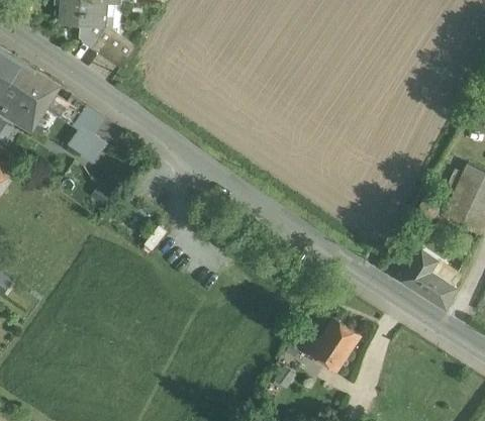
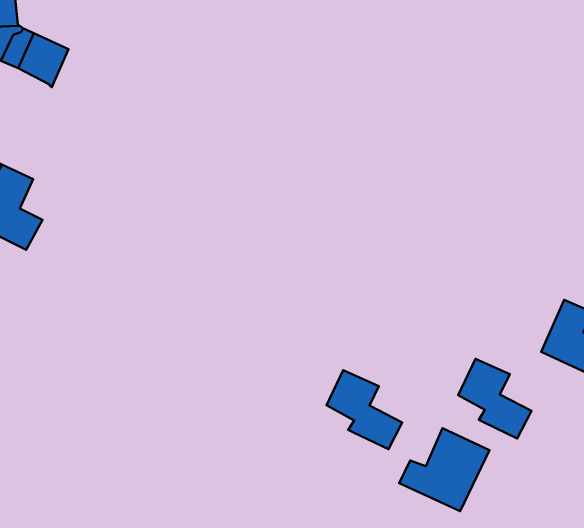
building: none -> [326,370,402,449]
building: none -> [458,359,531,438]

